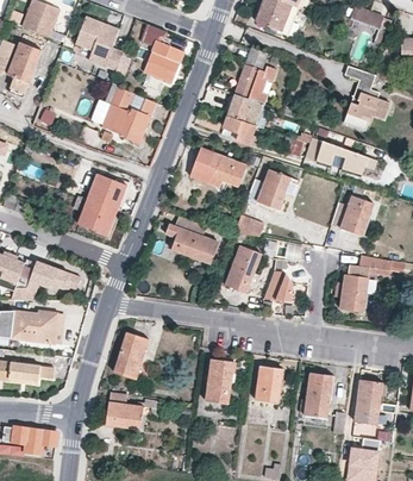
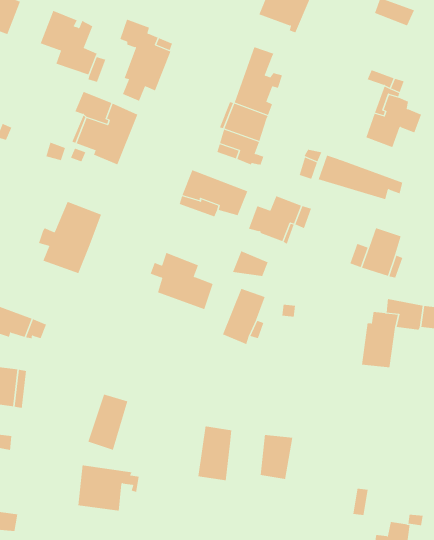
building: [263,270,293,301] -> none
building: [304,373,332,417] -> none
building: [349,379,382,423] -> none

